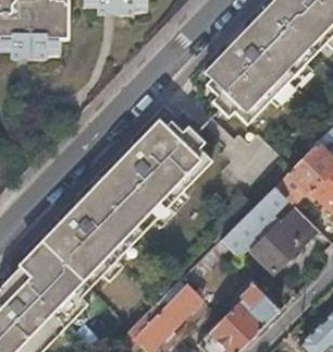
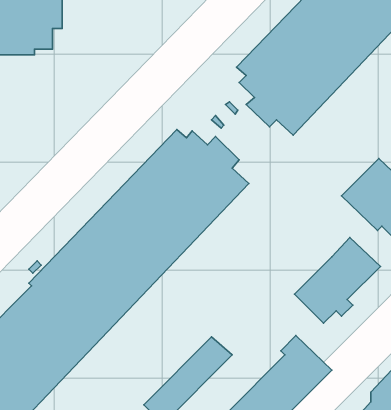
building: [221,185,283,252] -> none

